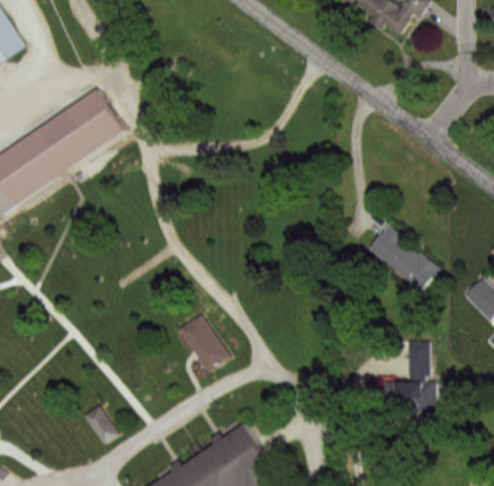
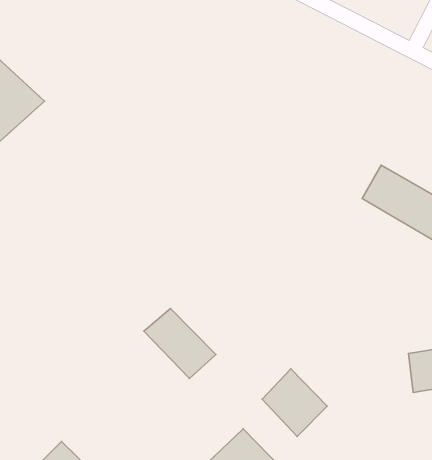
building: none -> [262,369,327,437]

